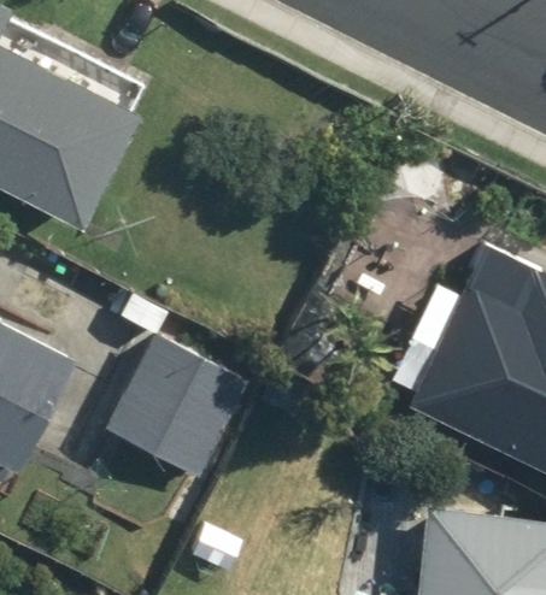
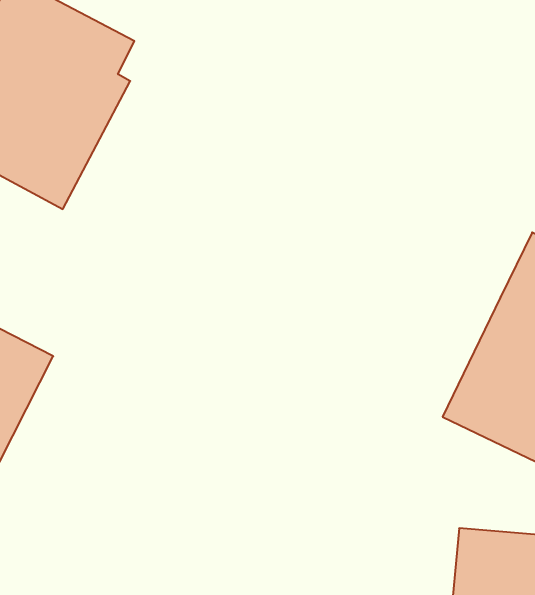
building: [104,334,246,478] -> none

